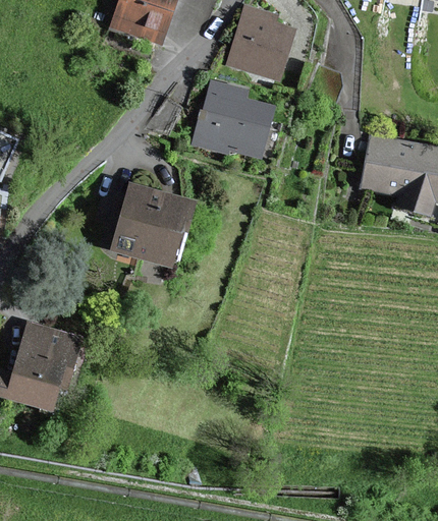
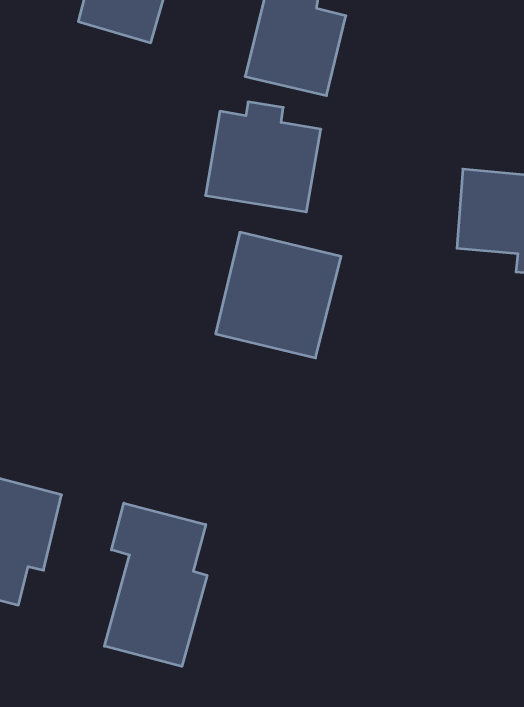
building: [108,182,196,270] -> [216,232,341,358]
building: none -> [104,503,207,666]

